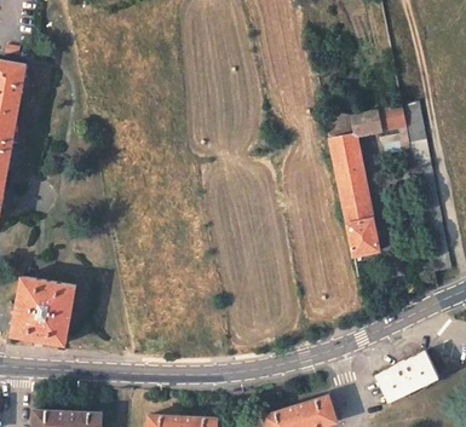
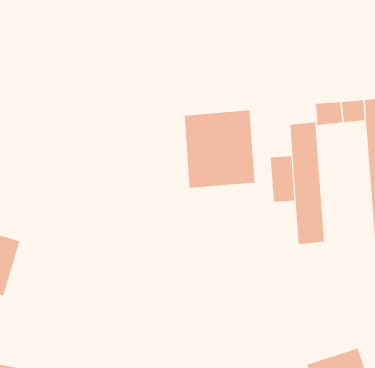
building: none -> [184,110,255,189]
building: none -> [270,156,295,202]

